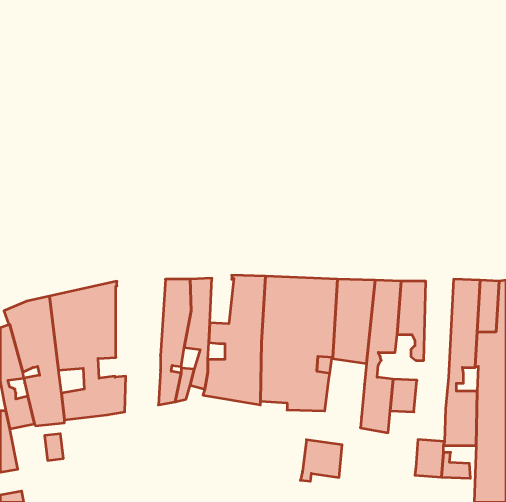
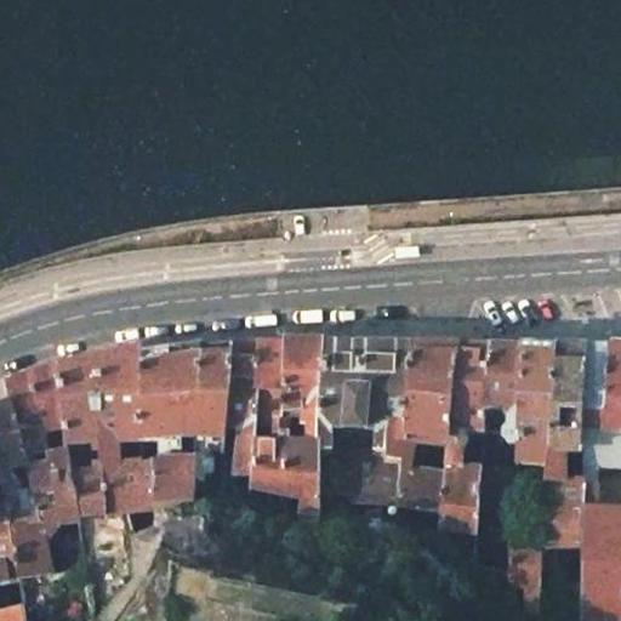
building: none -> [257,341,286,397]
building: none -> [519,341,556,462]
building: none -> [142,342,203,505]
building: none -> [12,519,52,575]
building: [300,440,342,481] -> [395,465,446,515]

